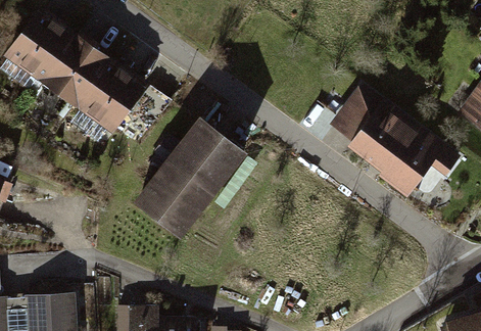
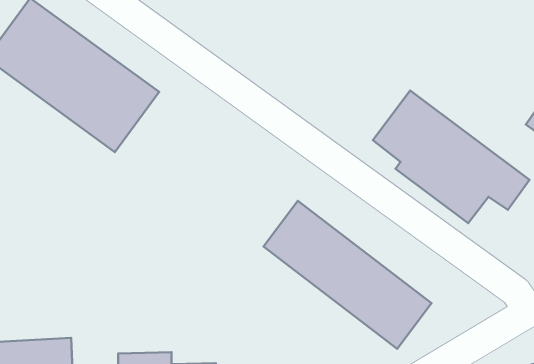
building: [135,119,247,240] -> none
building: none -> [263,201,432,349]

